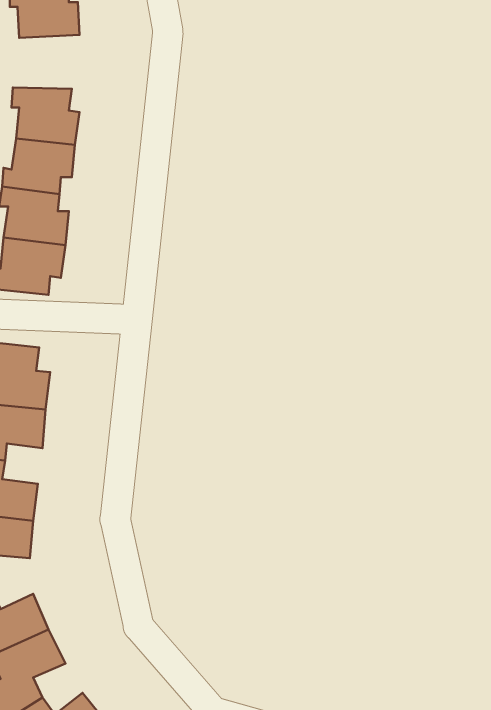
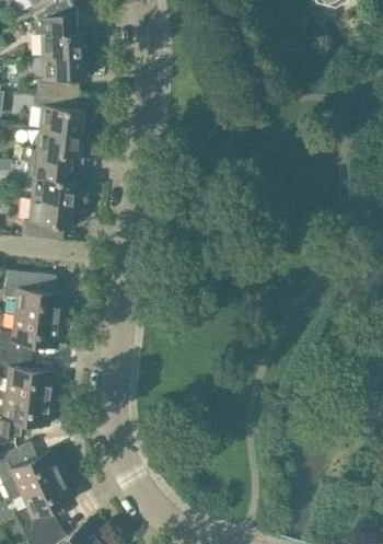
building: none -> [36,54,85,92]

